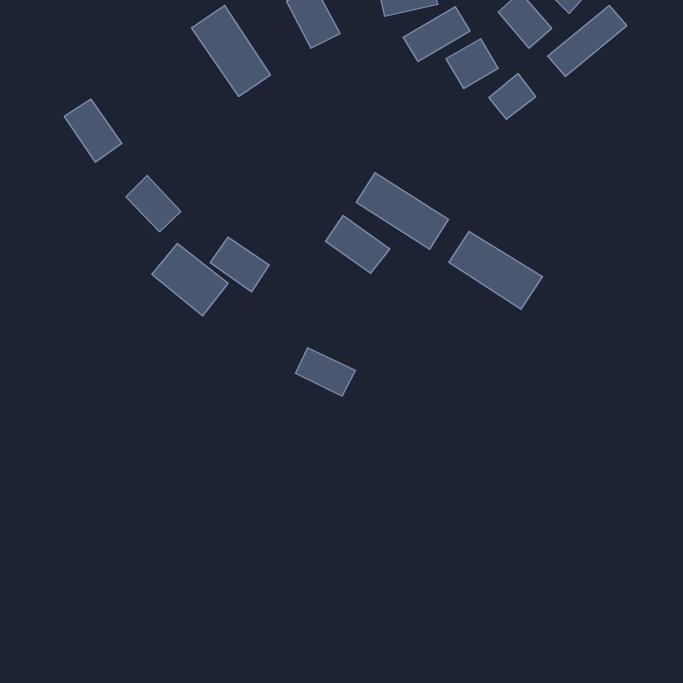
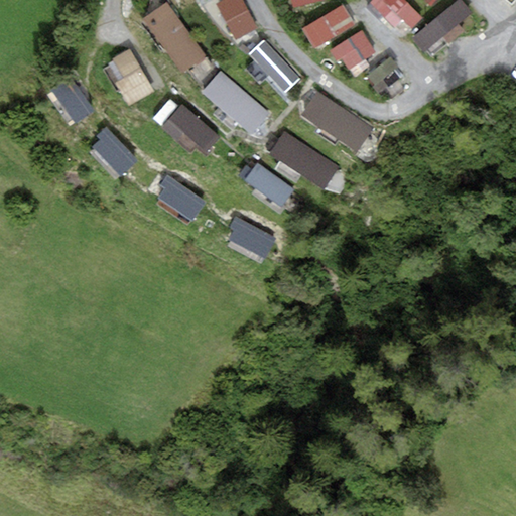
building: none -> [248,38,300,92]
building: none -> [112,48,152,97]
building: none -> [200,69,270,136]
building: [449,231,543,309] -> [301,92,372,150]
building: [152,243,228,316] -> [162,104,220,158]
building: [295,348,356,396] -> [230,220,275,256]

